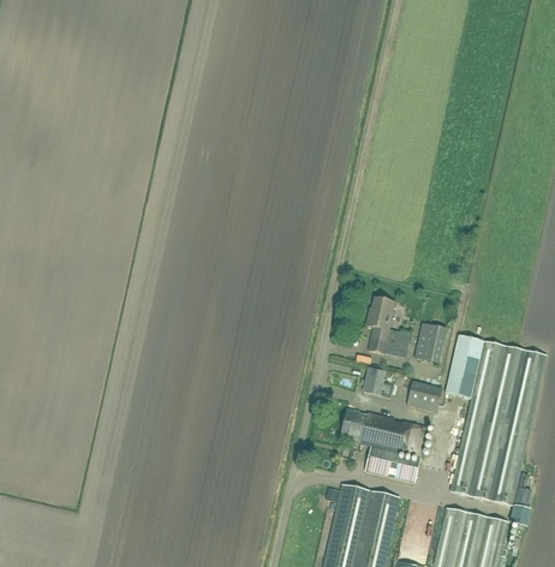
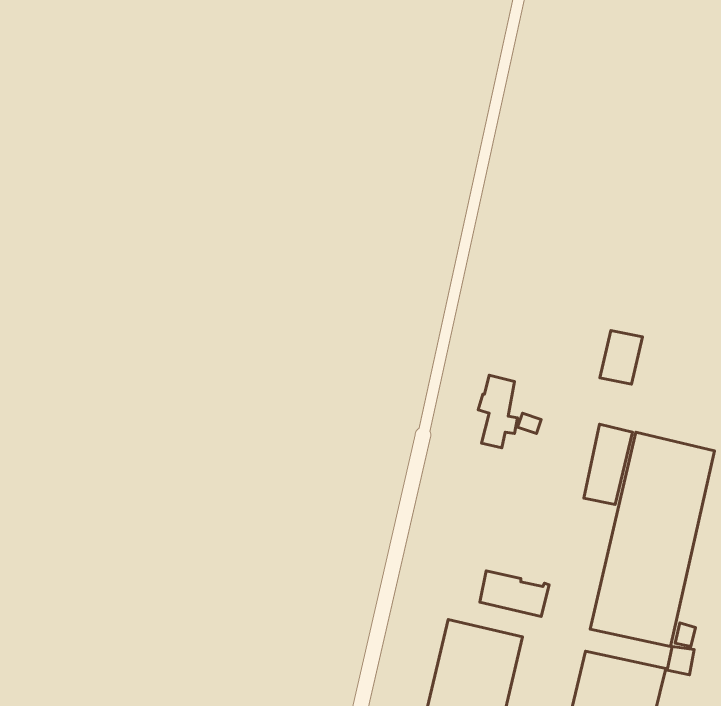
building: [414,323,447,364] -> [600,331,642,384]
building: [362,368,393,398] -> none
building: [406,381,441,411] -> none
building: [341,408,428,456] -> none

